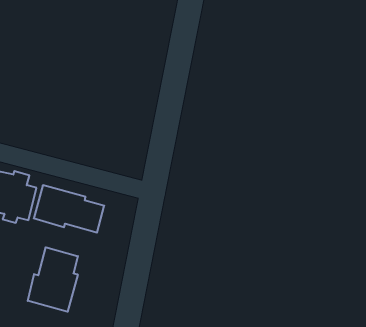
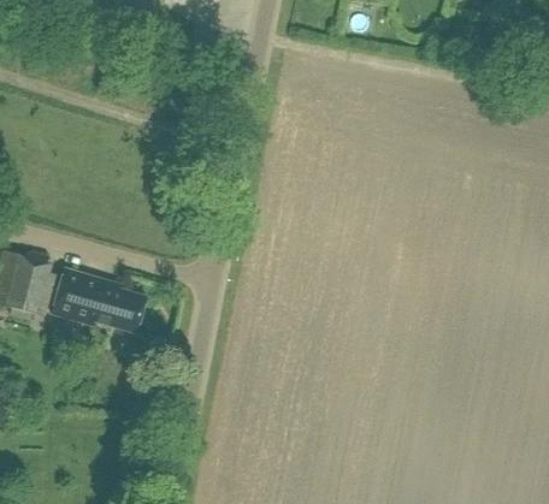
building: [28,247,78,312] -> none

